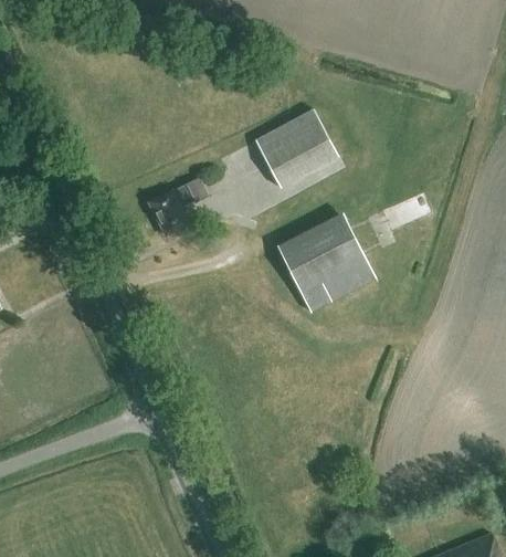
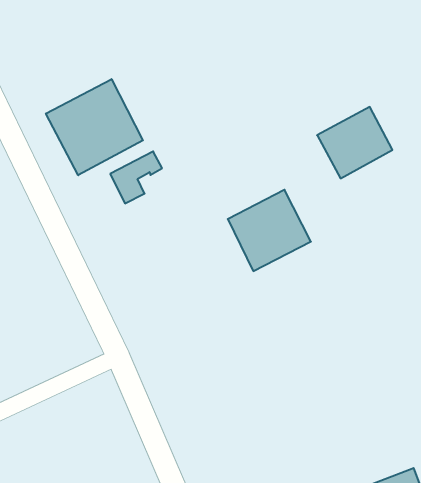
building: none -> [46,79,143,175]
building: [254,108,339,189] -> [317,107,392,178]

